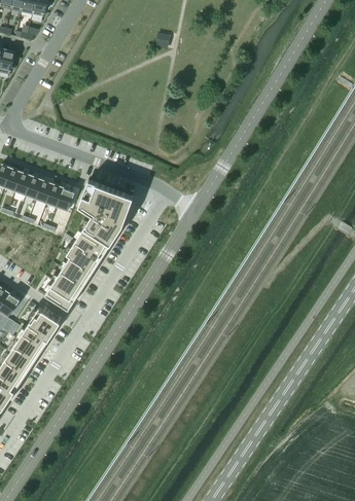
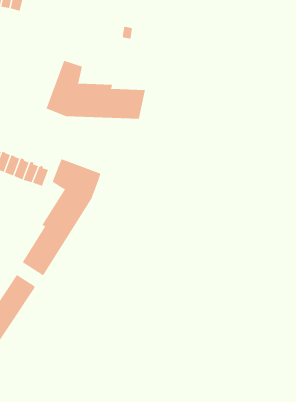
building: none -> [46,60,146,120]

